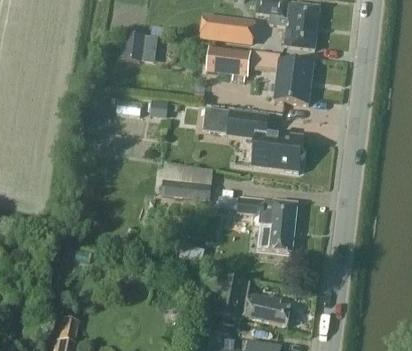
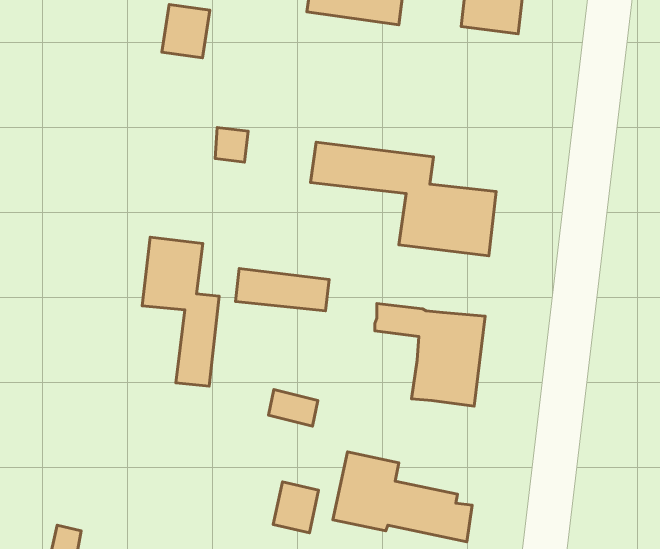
building: [206,46,278,76] -> none
building: [278,59,313,103] -> none
building: none -> [142,237,219,386]
building: none -> [273,482,319,533]

